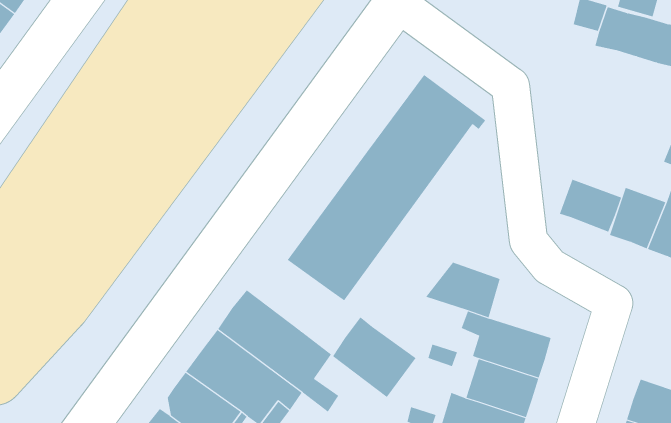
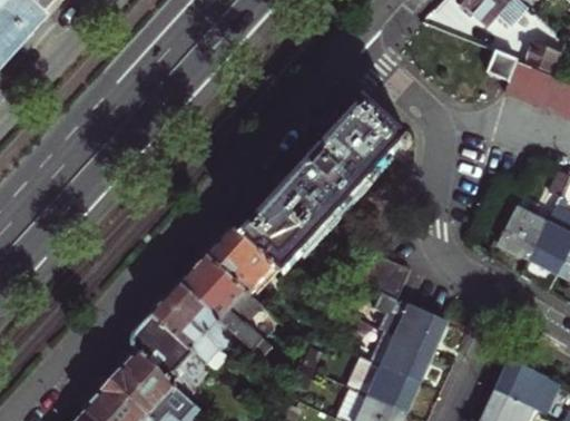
building: [559,179,622,232] -> none
building: [332,317,417,398] -> [207,227,274,294]

